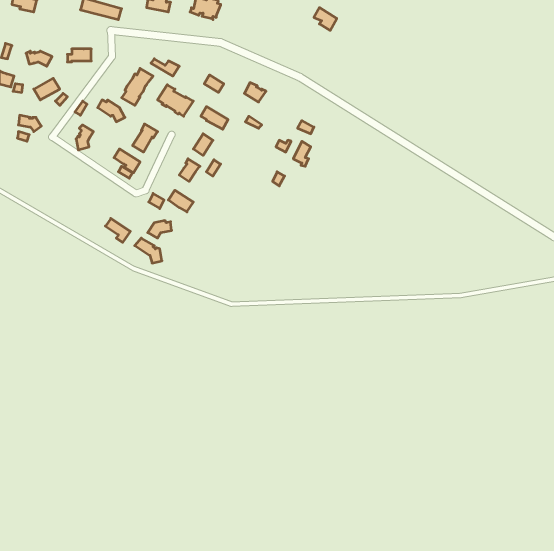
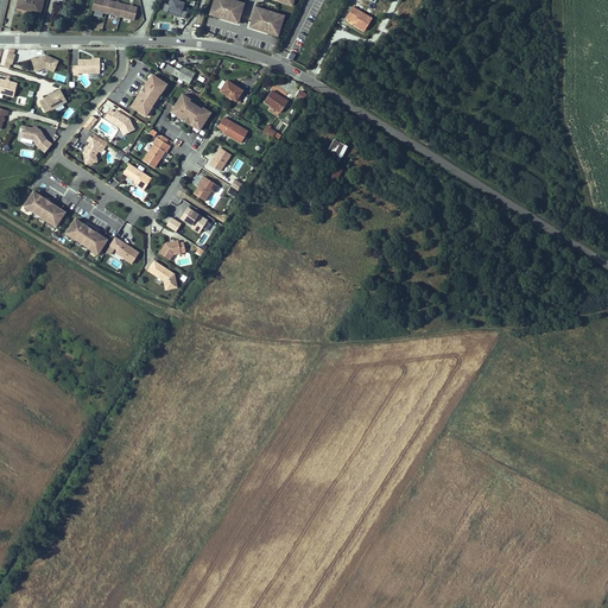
building: none -> [248,7,283,34]
building: none -> [24,195,64,228]
building: none -> [65,220,107,253]

